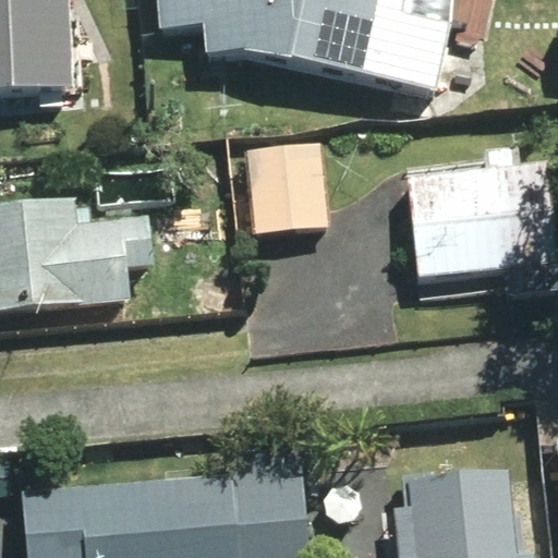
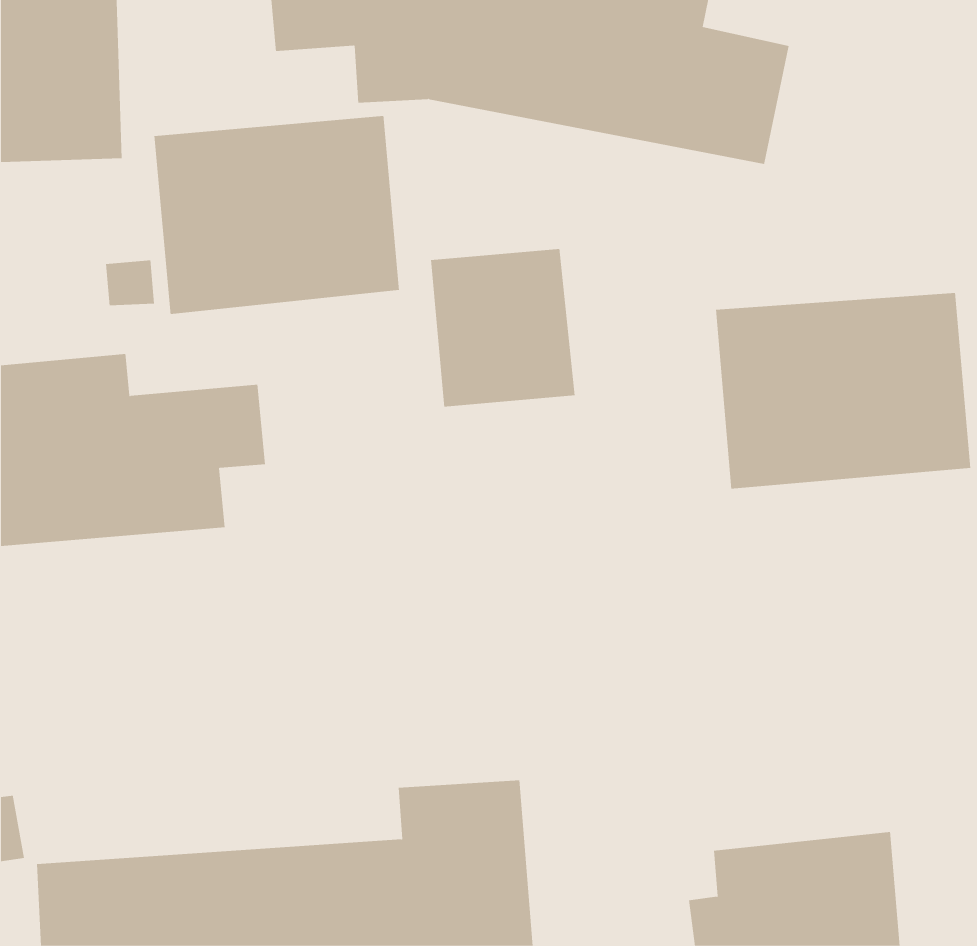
building: none -> [154,115,399,315]

